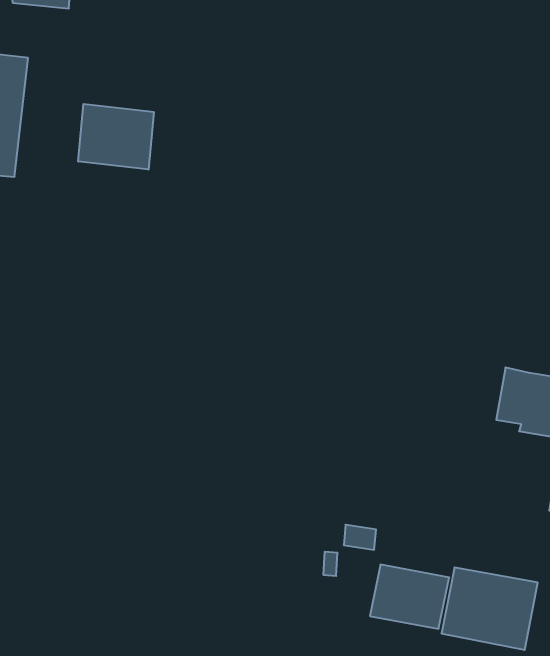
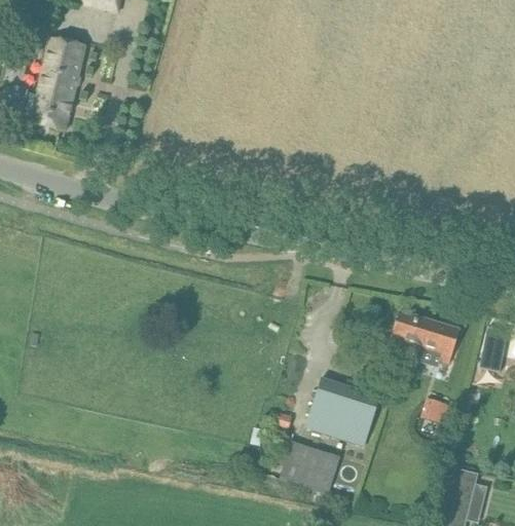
building: [78,104,154,170] -> none
building: [441,567,538,650] -> [306,378,380,444]

